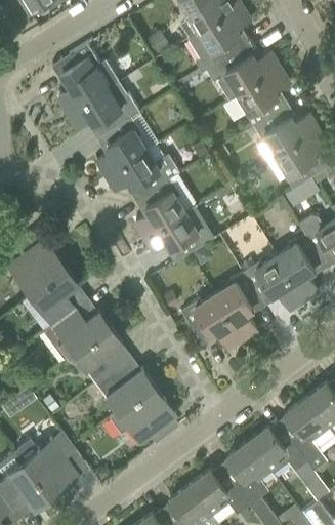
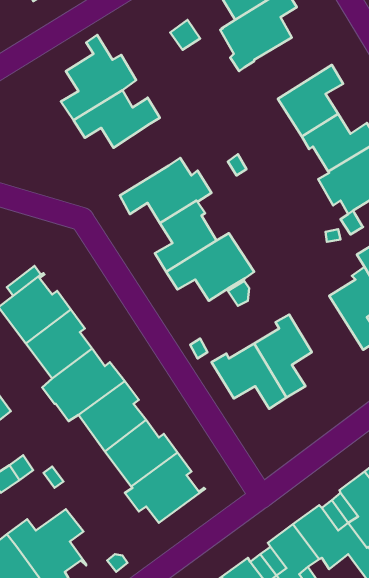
building: [207,45,279,98] -> none
building: [96,116,145,174] -> none
building: [244,256,304,310] -> none

